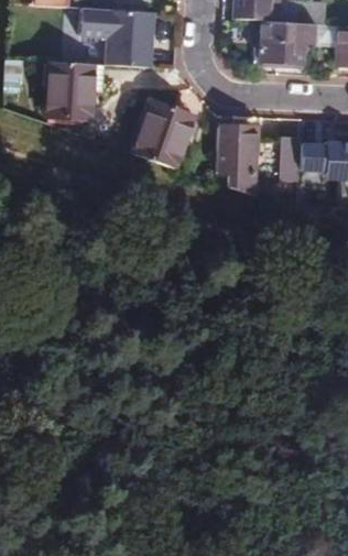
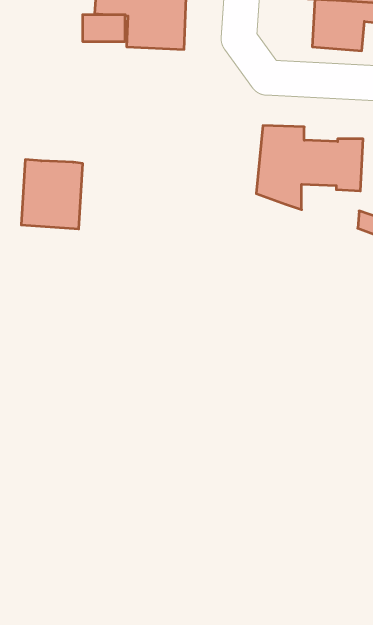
building: [42,63,93,120] -> [21,160,83,229]
building: [129,98,195,166] -> none

